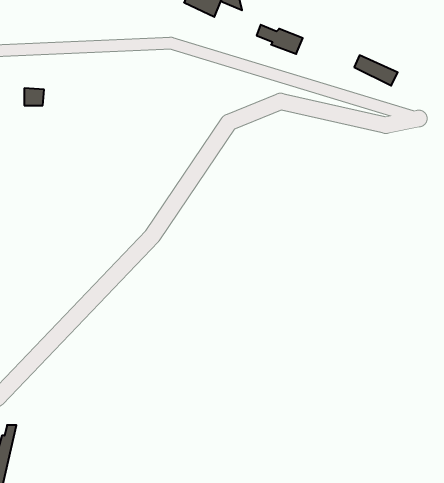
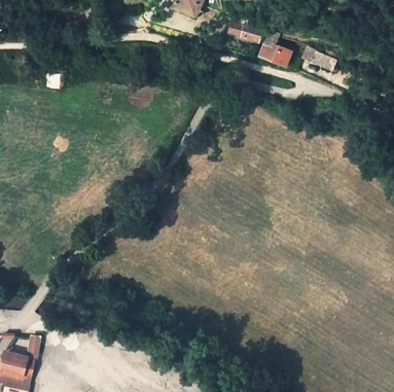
building: none -> [259,29,290,66]

